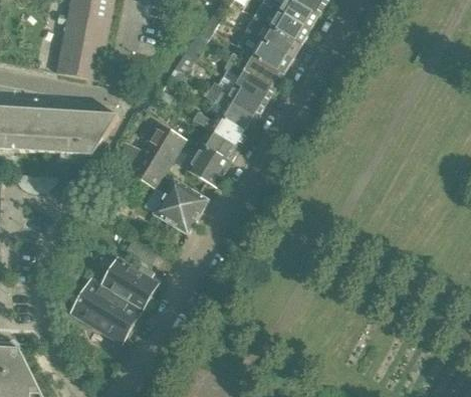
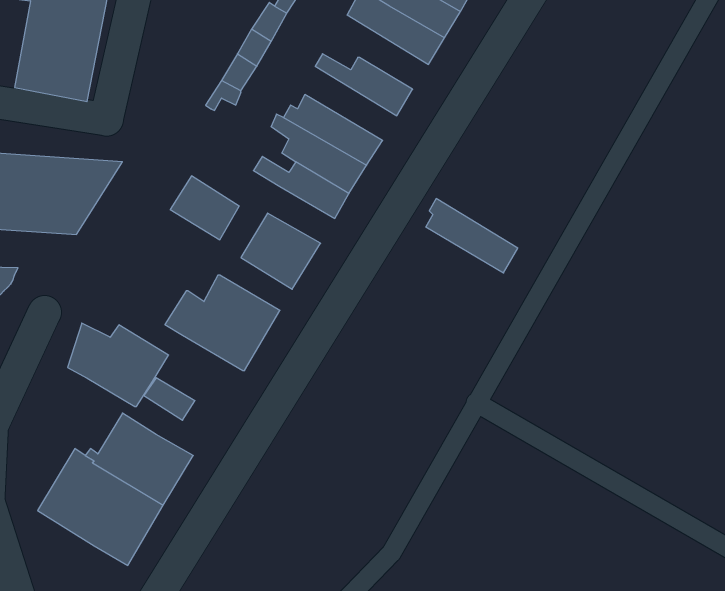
building: [236,30,291,72] -> none
building: [221,59,273,102] -> [426,199,518,273]
building: [199,128,238,160] -> none
building: [115,140,173,187] -> [68,323,169,406]

